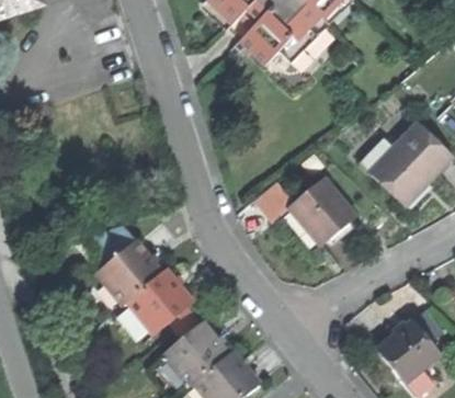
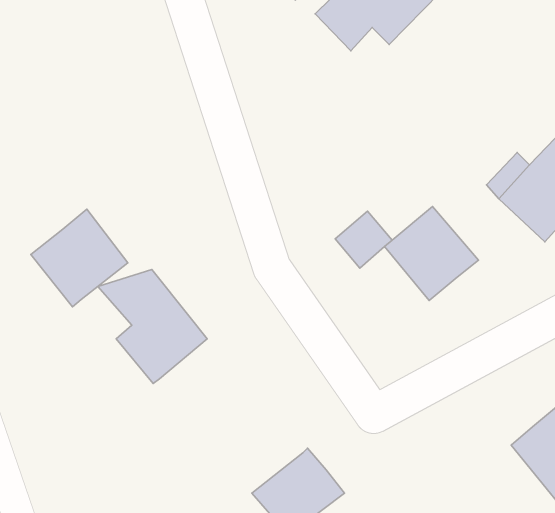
building: none -> [31,209,128,307]
building: [128,269,193,331] -> none
building: [164,320,230,385] -> none

